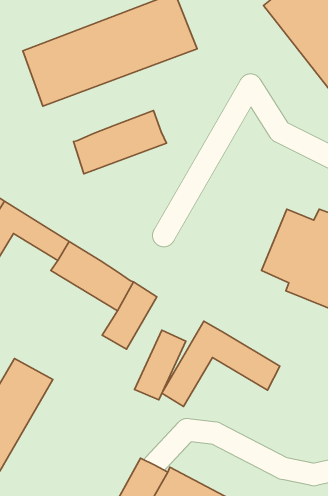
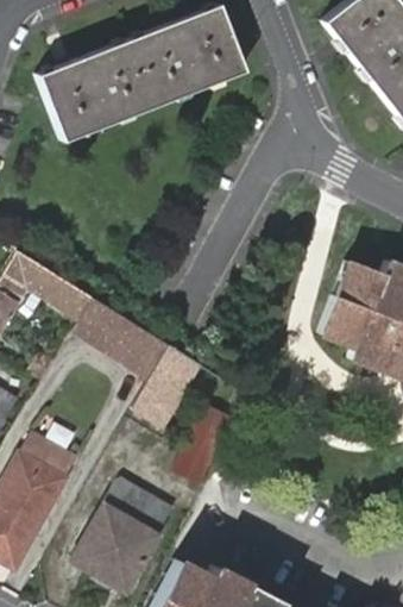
building: [73,110,166,174] -> none
building: [162,321,280,407] -> none
building: none -> [73,478,170,593]

